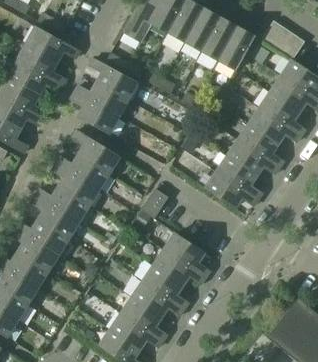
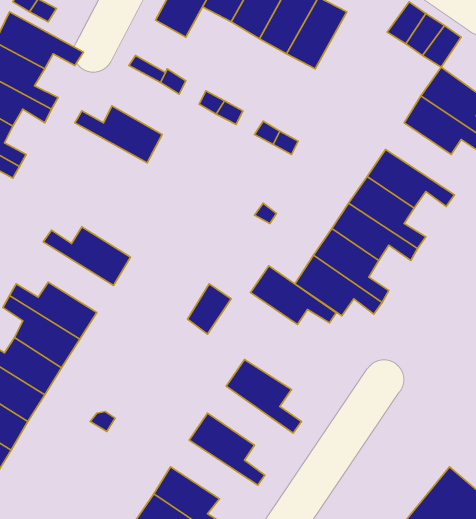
building: [218,26,255,70] -> none
building: [89,58,137,99] -> none
building: [71,92,118,133] -> none
building: [260,92,305,135] -> none
building: [72,129,119,172] -> none
building: [52,163,98,205] -> none
building: [154,249,205,284] -> [250,266,336,324]
building: [132,281,184,316] -> none

